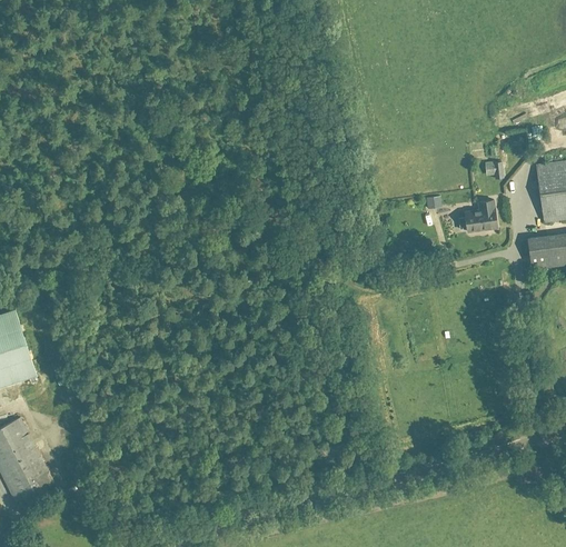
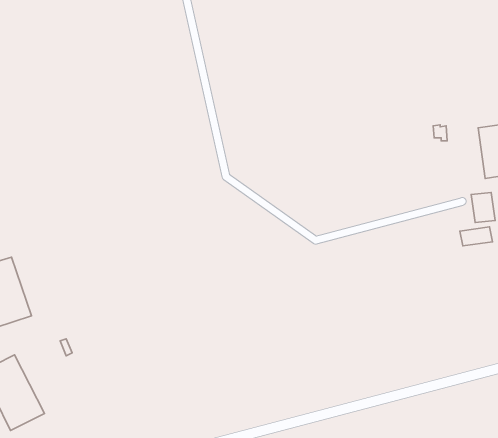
building: [458,199,498,232] -> none
building: none -> [460,227,492,246]

